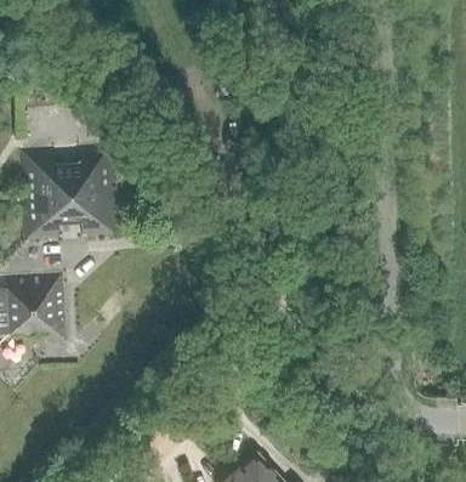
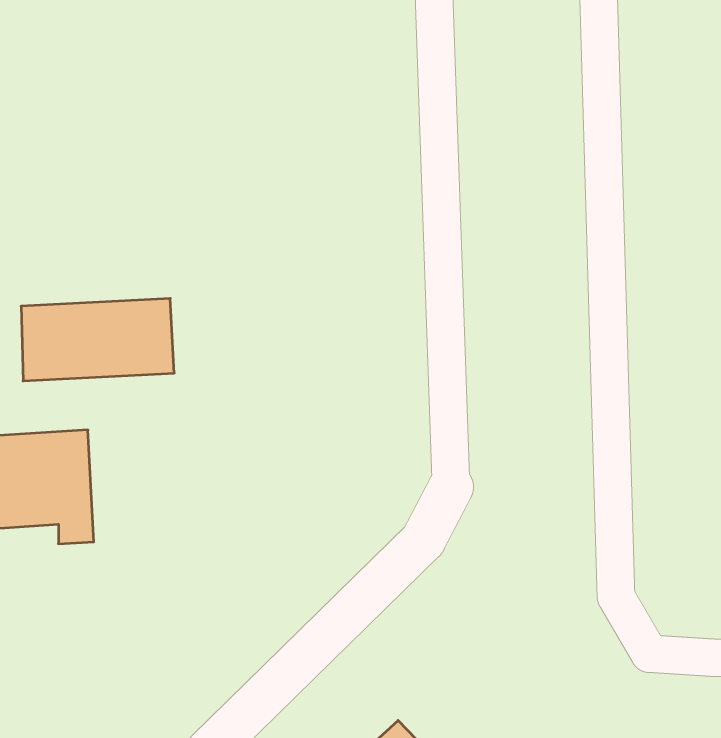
building: [19,147,114,198] -> none

